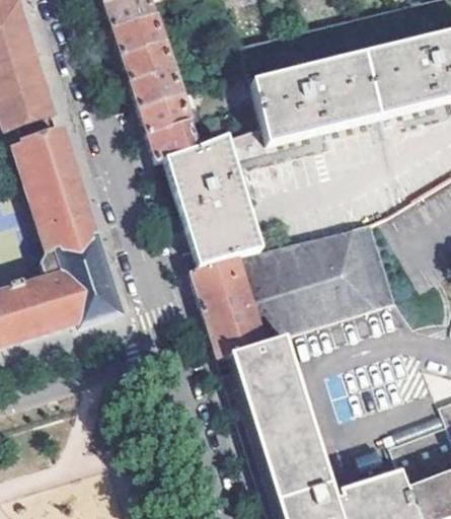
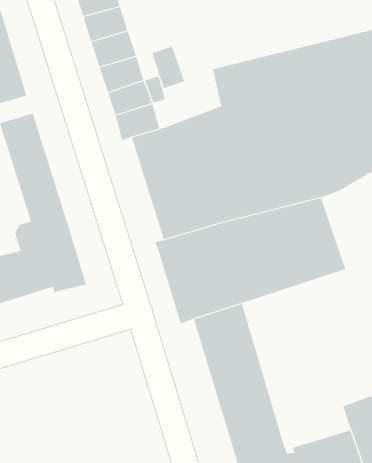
building: none -> [152,46,185,89]

